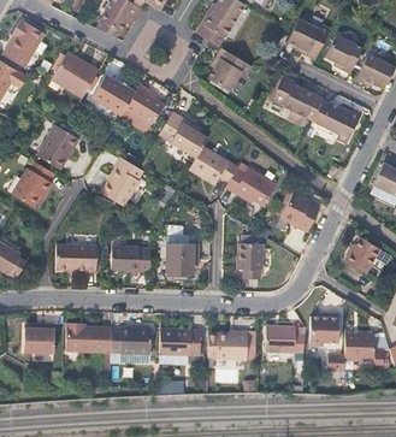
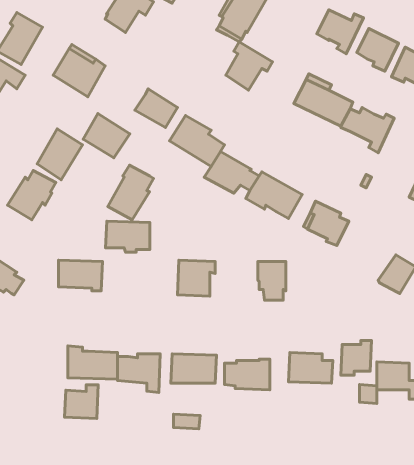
building: [94,76,136,116] -> [83,114,130,158]
building: [111,244,150,272] -> [106,221,150,252]
building: [24,321,54,352] -> [65,385,98,418]

